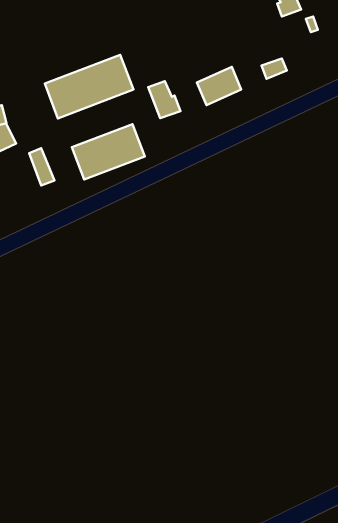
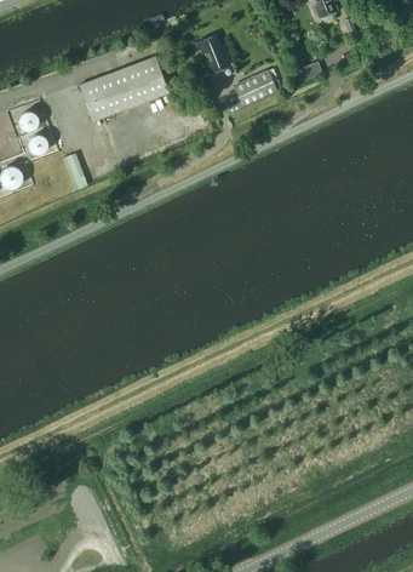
building: [148,81,180,118] -> [197,35,230,73]
building: [72,124,145,180] -> none

